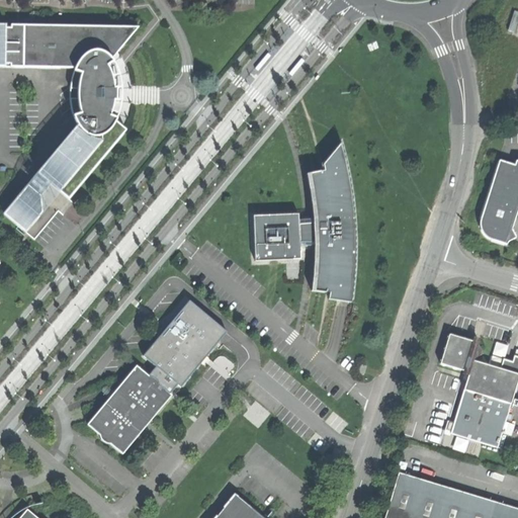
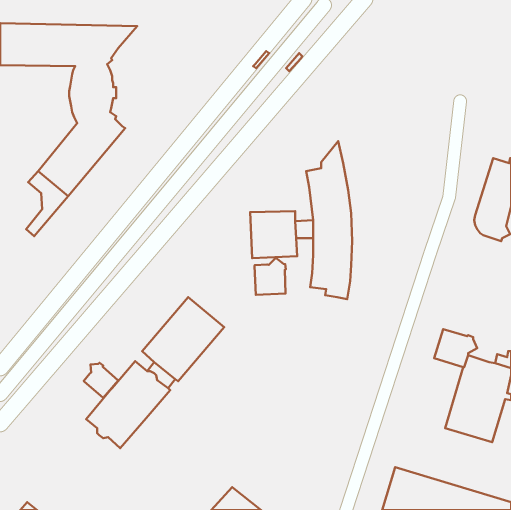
building: [4,184,42,232] -> none
building: none -> [255,258,286,295]
building: none -> [84,363,118,398]

